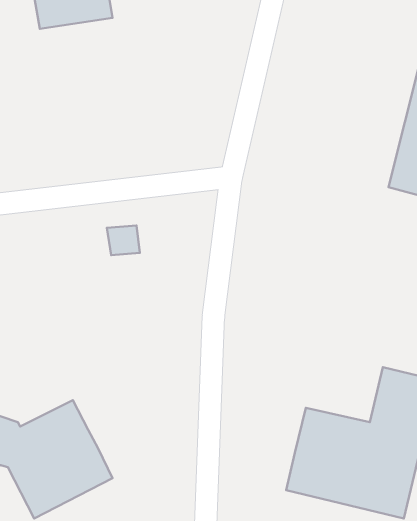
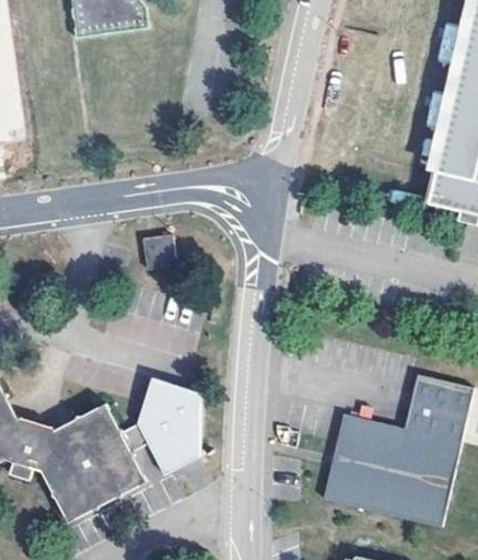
building: none -> [124,381,201,479]

